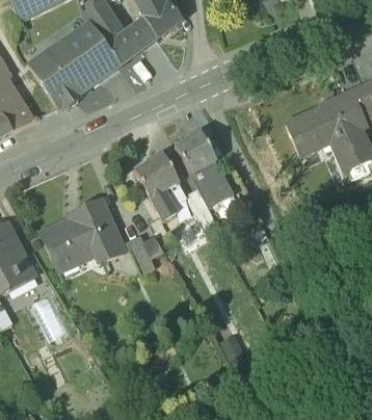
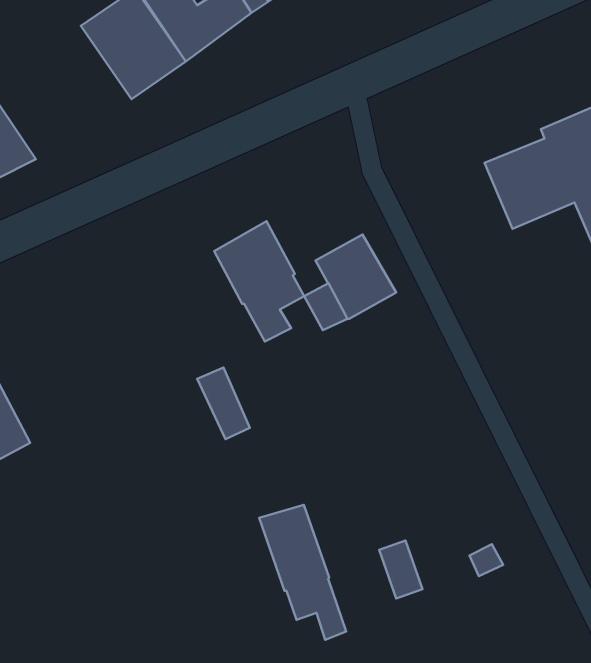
building: [31,44,89,106] -> none
building: [176,130,217,174] -> none
building: [42,199,124,278] -> none
building: none -> [259,505,346,640]

